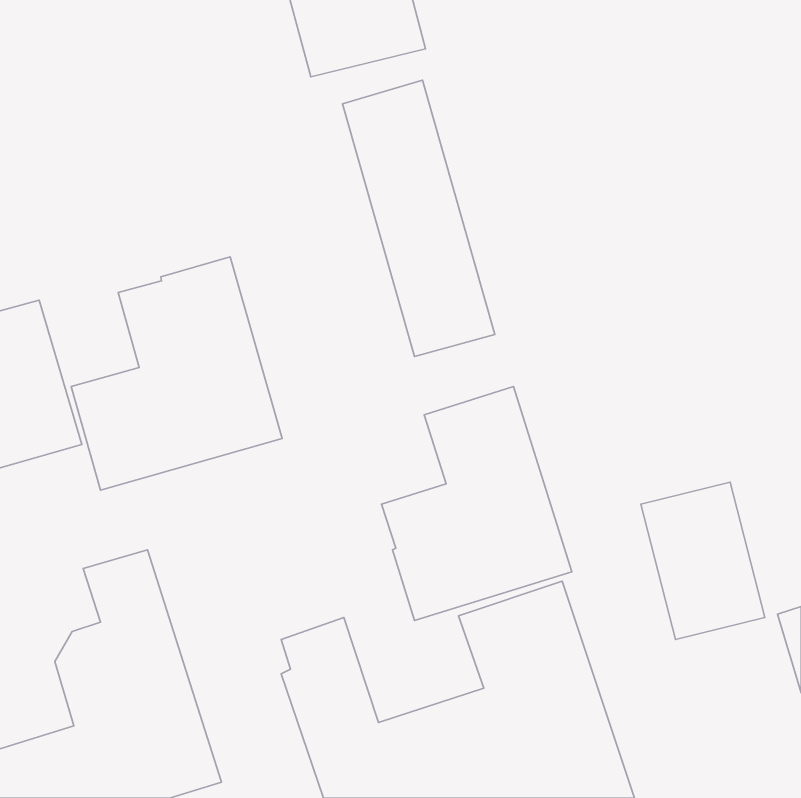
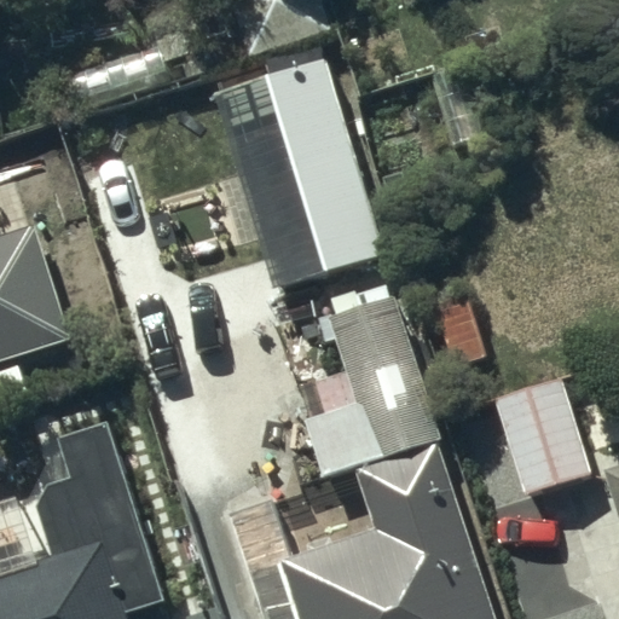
building: [71,257,282,490] -> none

